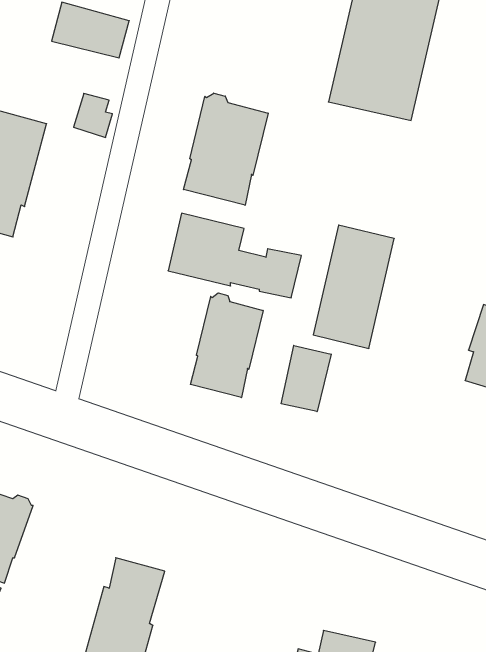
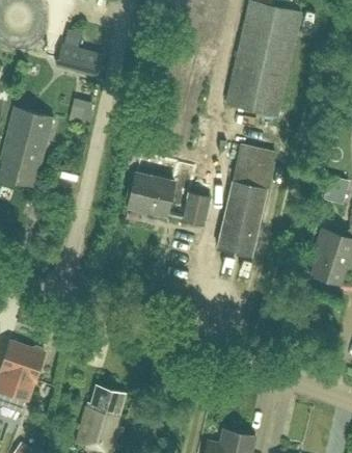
building: [184,93,268,205] -> none
building: none -> [233,143,275,188]
building: [190,293,263,398] -> none
building: [281,345,331,412] -> none

